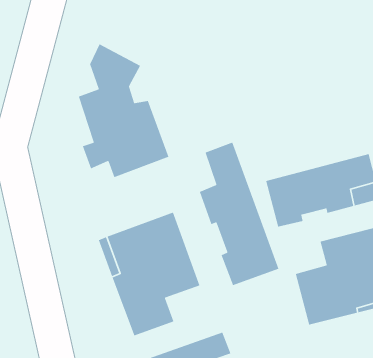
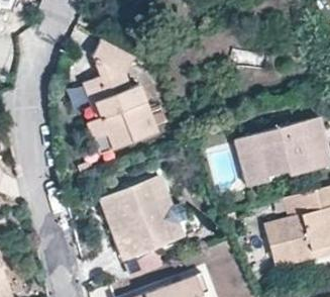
building: [199,142,280,286] -> none

